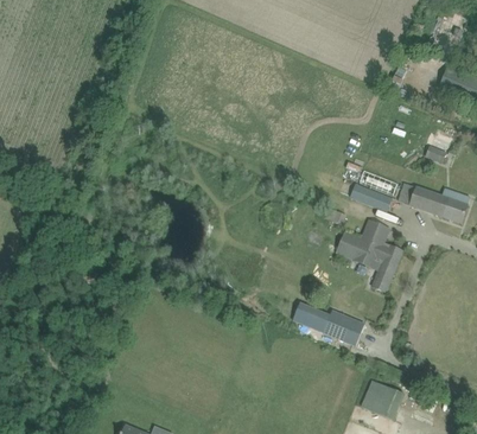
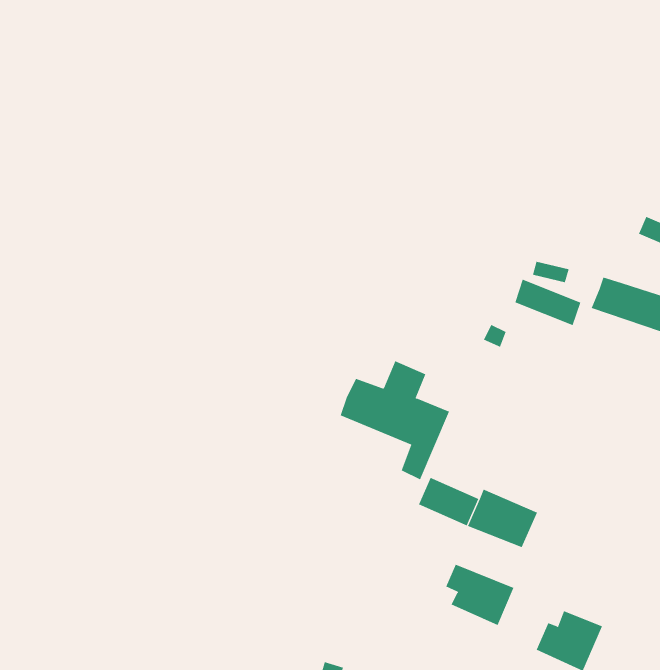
building: [335,219,401,292] -> [340,361,450,480]
building: none -> [445,564,514,626]

